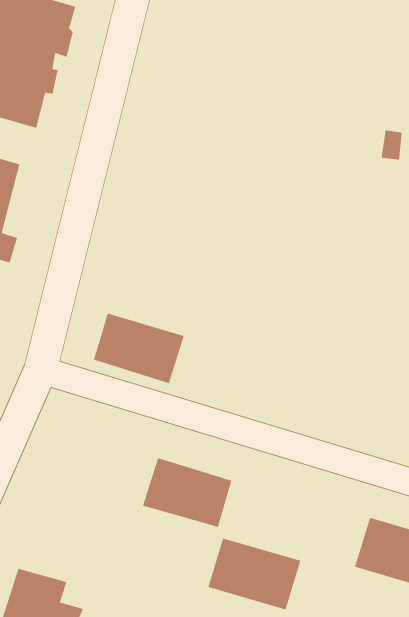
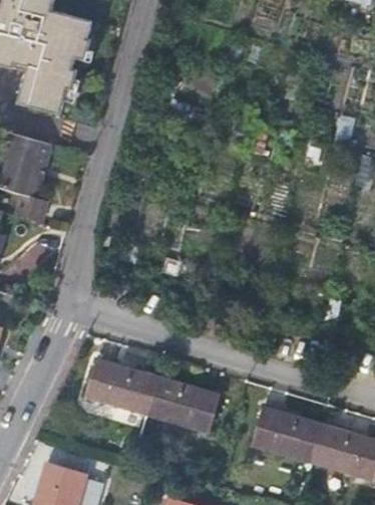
building: [93,313,185,384] -> [86,357,158,414]
building: [207,538,301,610] -> [252,405,326,462]

